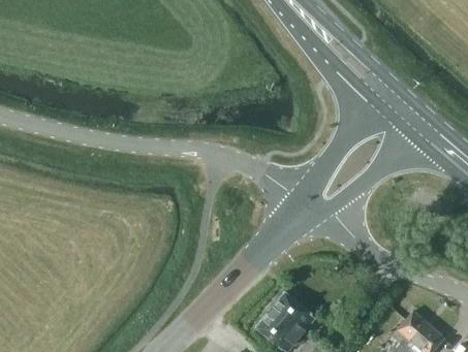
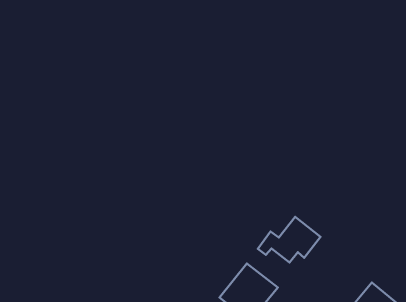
building: none -> [258,217,321,263]

